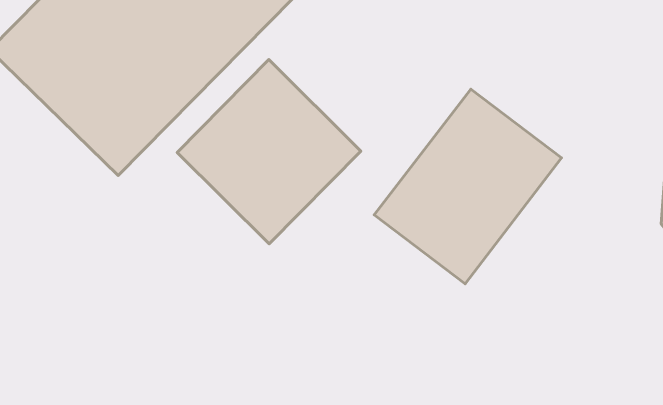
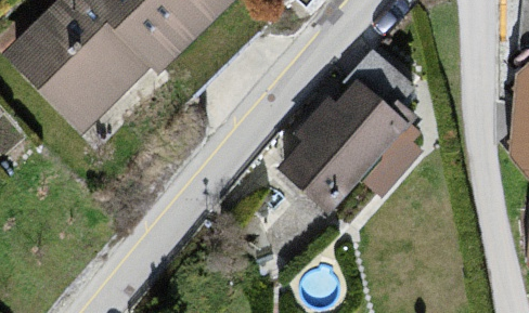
building: [177,60,361,244] -> none

